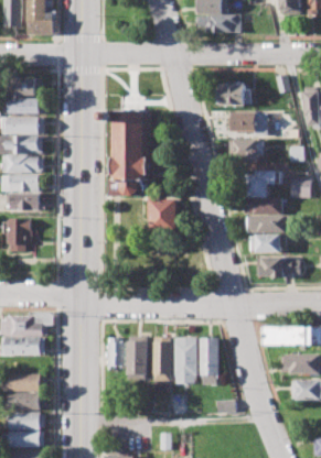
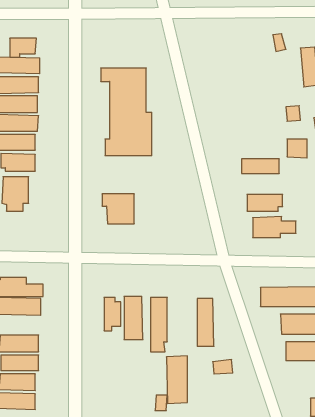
building: [221,84,250,105] -> none
building: [234,112,268,134] -> none
building: [229,139,265,163] -> none
building: [243,170,279,196] -> none
building: [146,200,178,230] -> [102,194,134,224]
building: [247,216,291,232] -> none
building: [175,337,196,384] -> [166,356,187,404]

